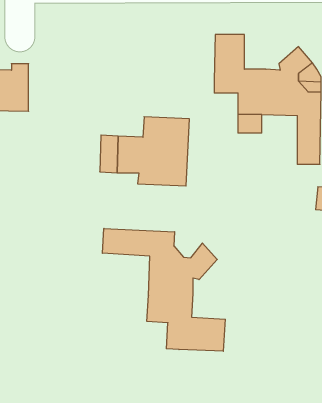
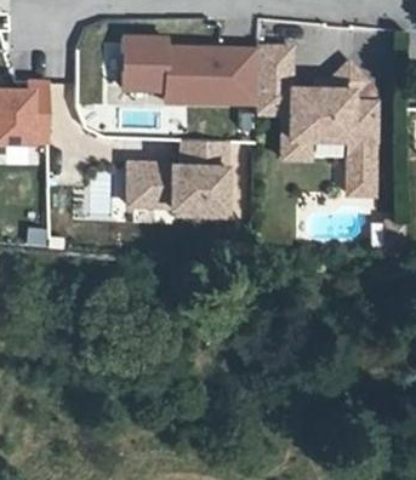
building: none -> [124,36,258,99]
building: [102,228,225,351] -> none

